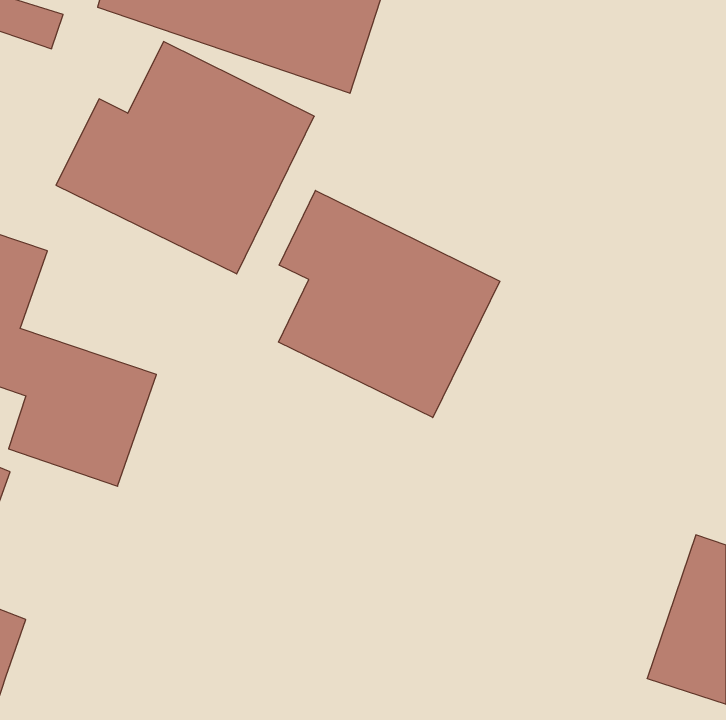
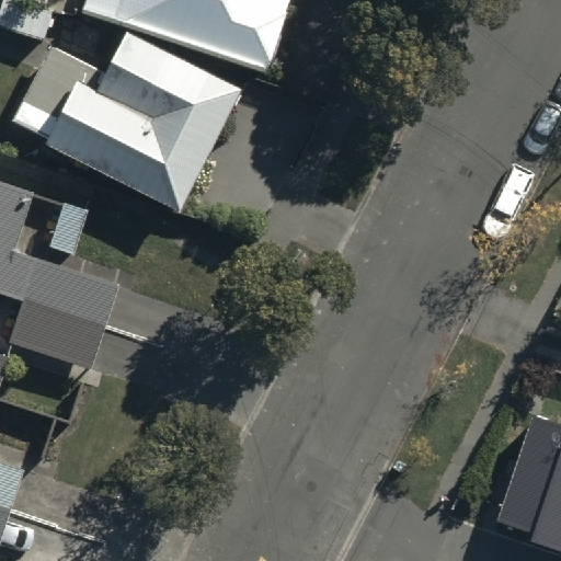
building: [279,190,500,418] -> none

